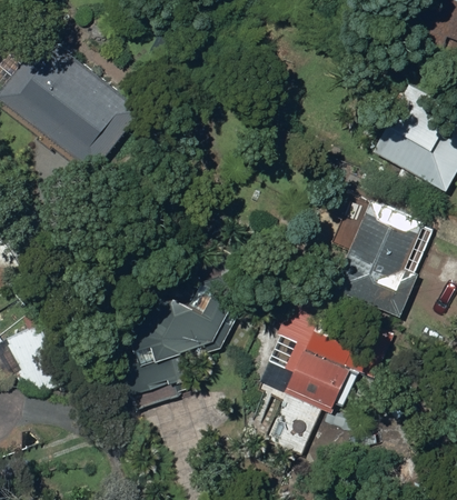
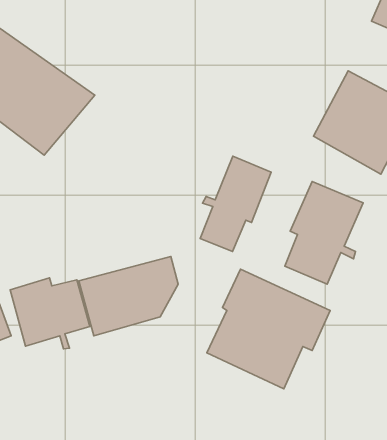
building: none -> [200,156,271,252]
building: none -> [10,278,90,349]

